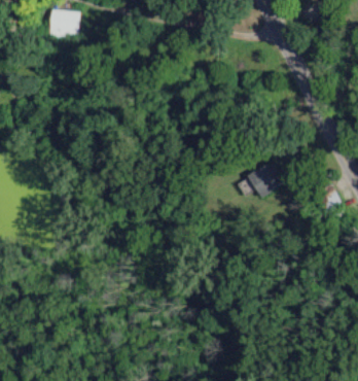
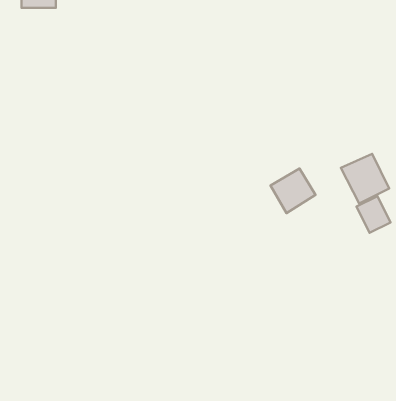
building: none -> [341,154,389,203]

